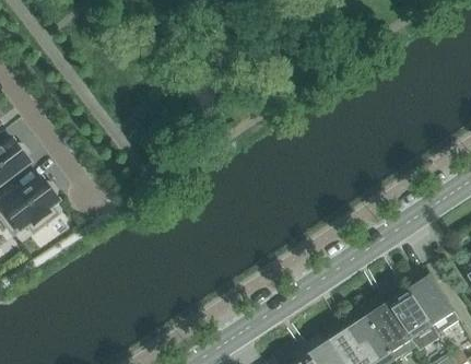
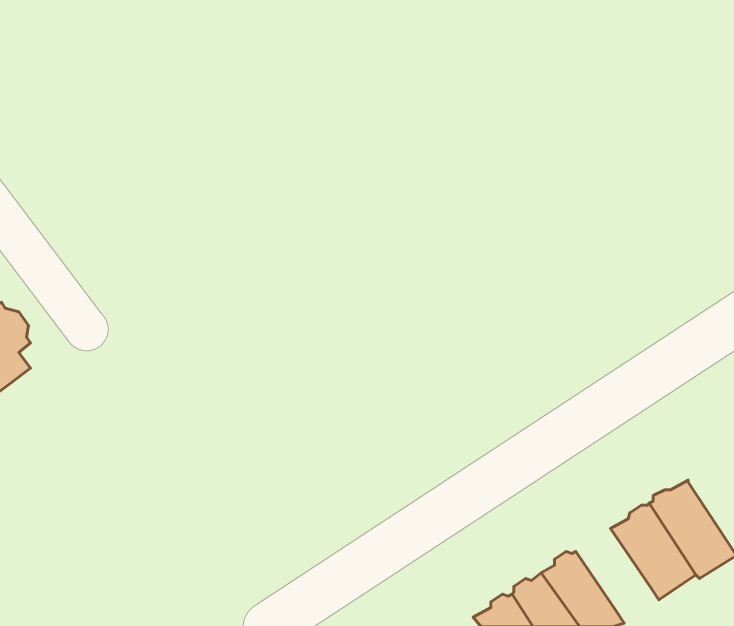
building: [367,304,410,351] -> none

